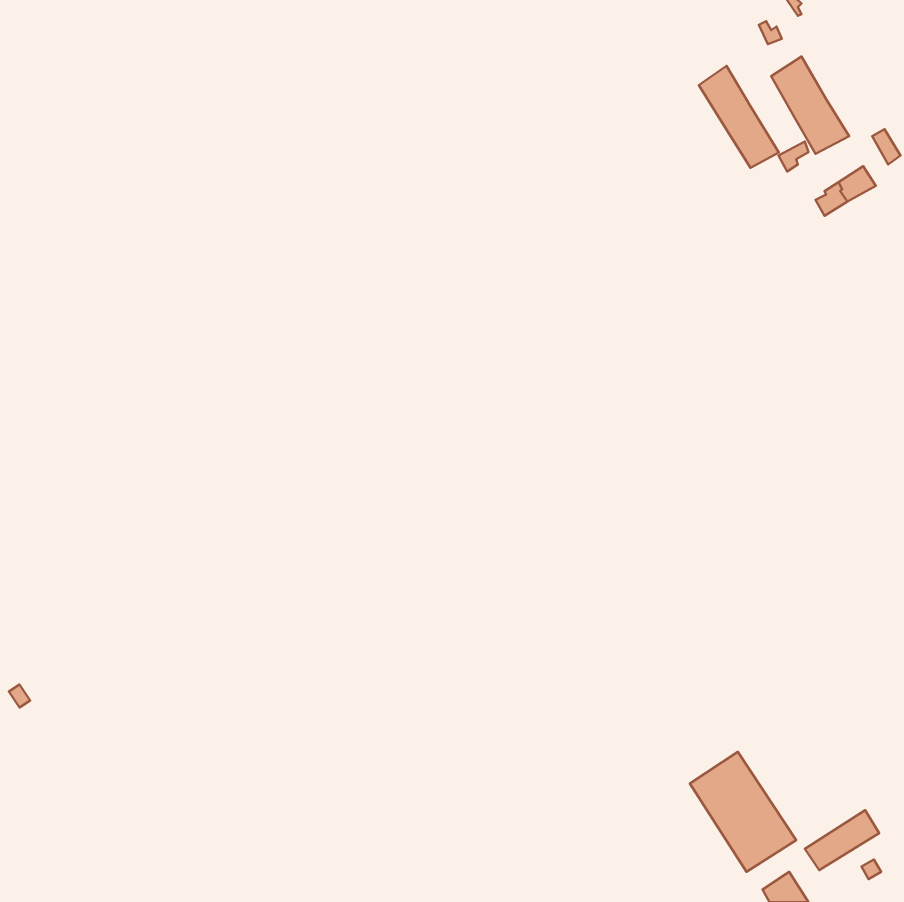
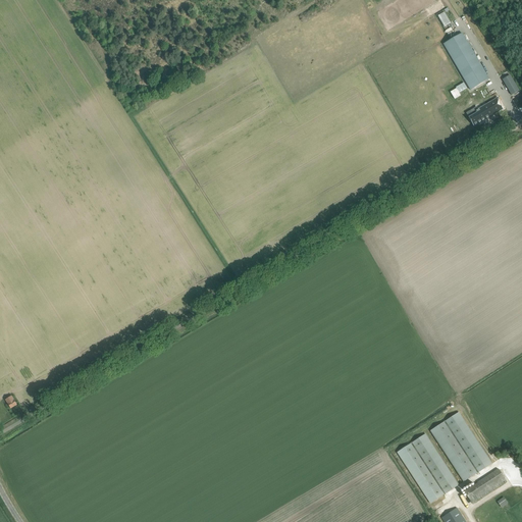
building: [699,66,779,168] -> none
building: none -> [430,411,492,481]

